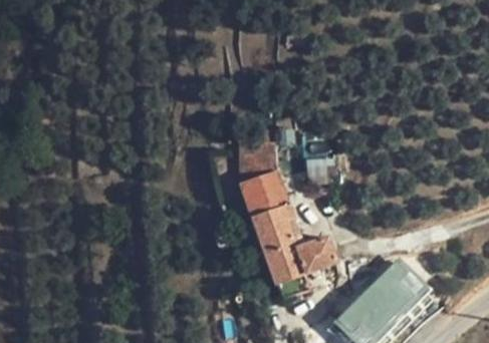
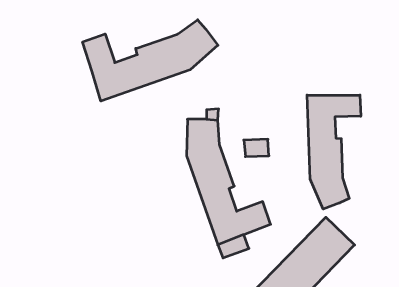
building: none -> [83,20,218,101]
building: none -> [307,95,361,209]

